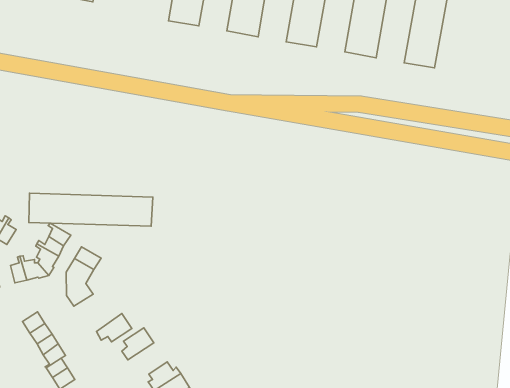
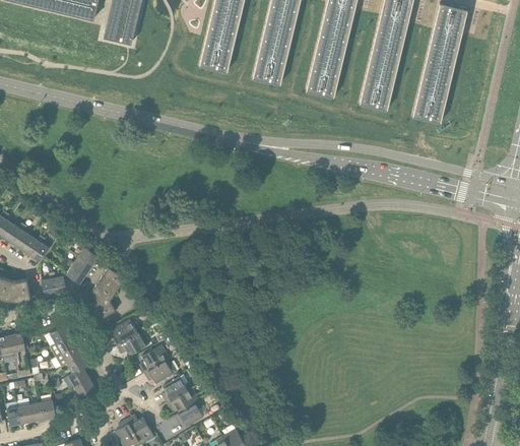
building: [29,193,153,226] -> none
building: none -> [112,319,141,345]
building: none -> [144,359,173,384]

